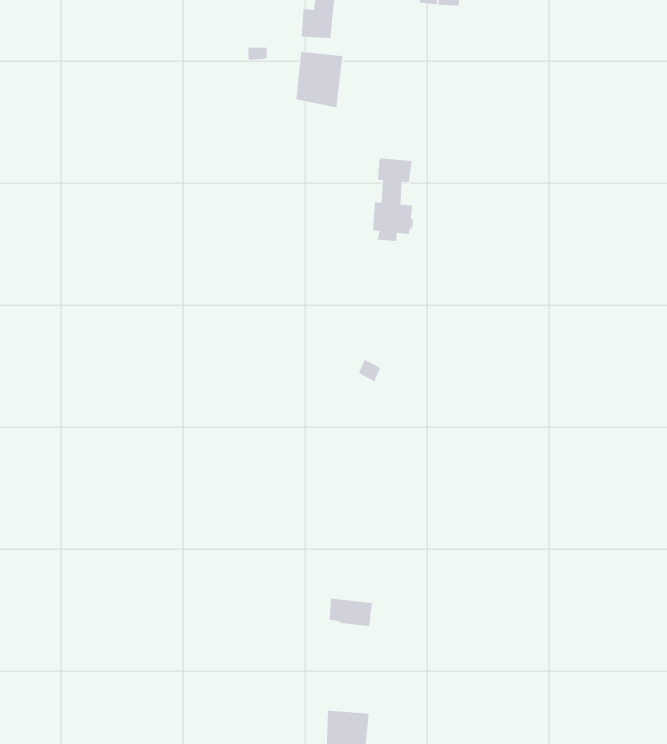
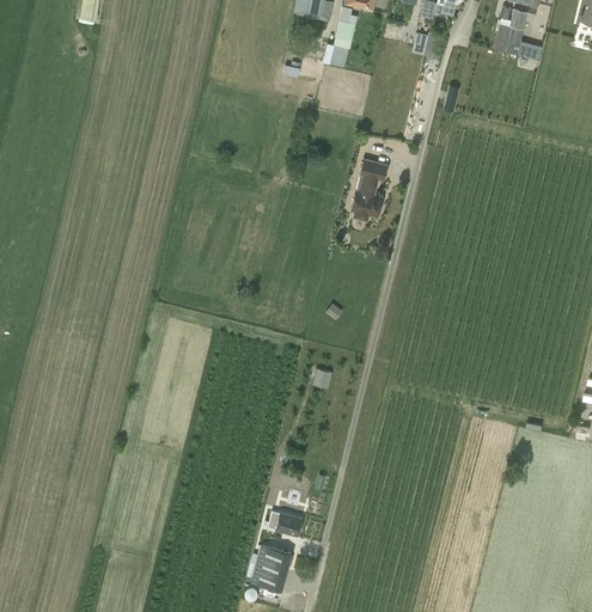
building: [296,51,343,108] -> none
building: [329,598,373,627] -> [268,509,301,534]

